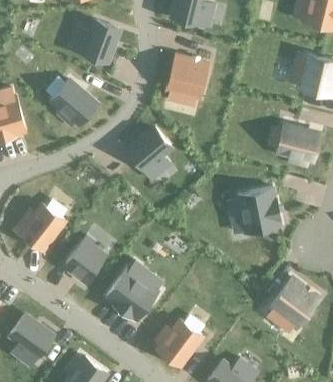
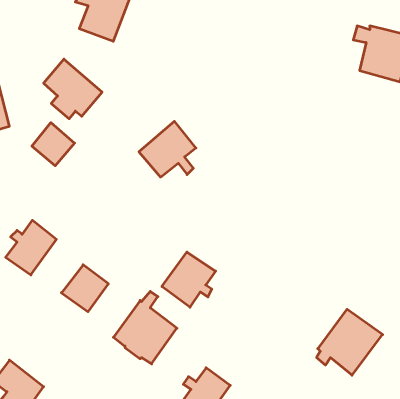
building: [165,56,207,101] -> none
building: [276,124,320,162] -> none
building: none -> [32,123,75,166]
building: [228,189,281,234] -> none
building: none -> [162,252,216,307]

